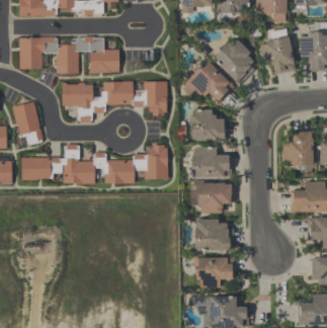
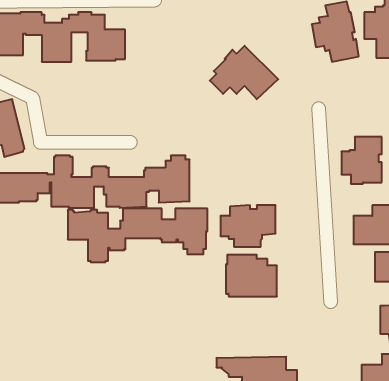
building: [213,37,254,85] -> none
building: [62,82,167,122] -> [68,209,207,262]
building: [189,109,225,141] -> none
building: [190,147,231,177] -> none
building: [193,258,233,289] -> none

